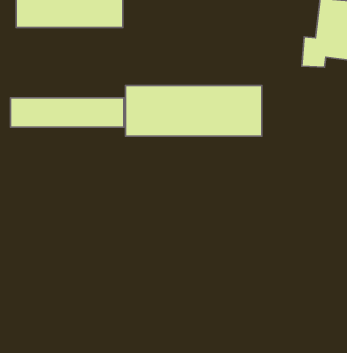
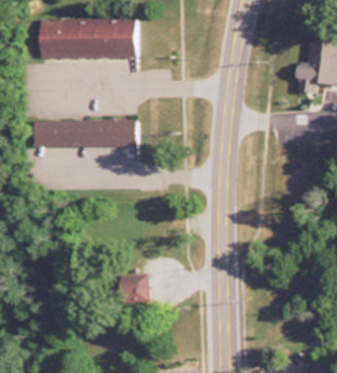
building: [126,86,262,136] -> none
building: none -> [119,276,149,300]

